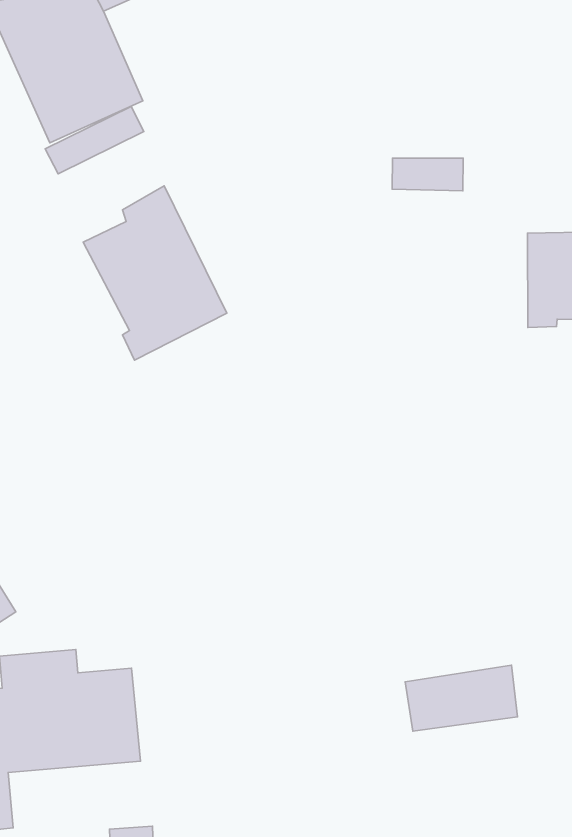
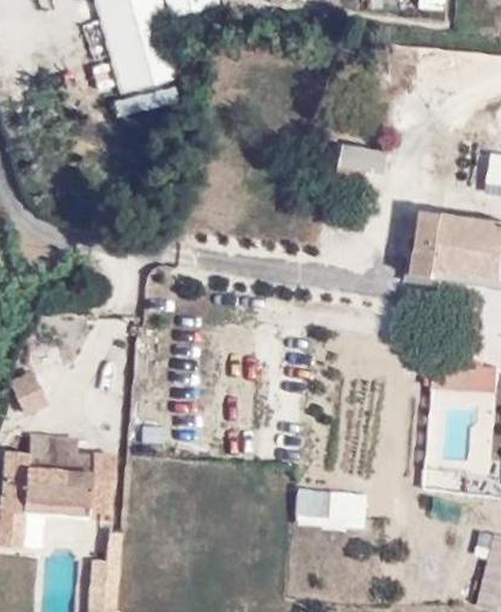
building: [83,186,227,360] -> none

